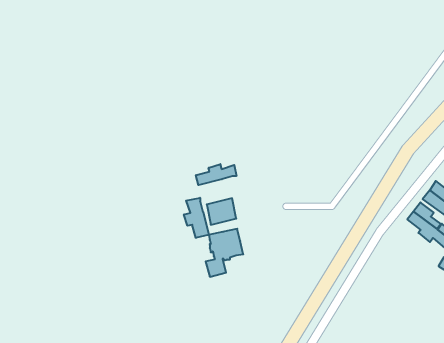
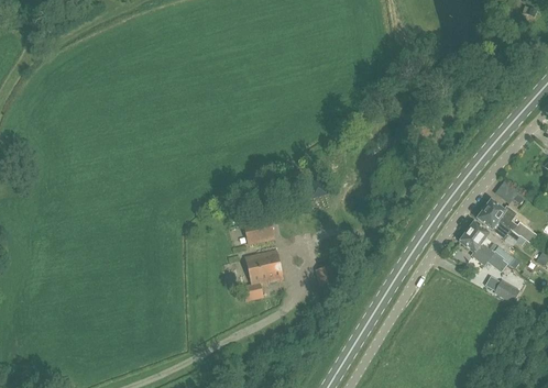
building: [196,164,236,185] -> none
building: [184,198,209,238] -> none

